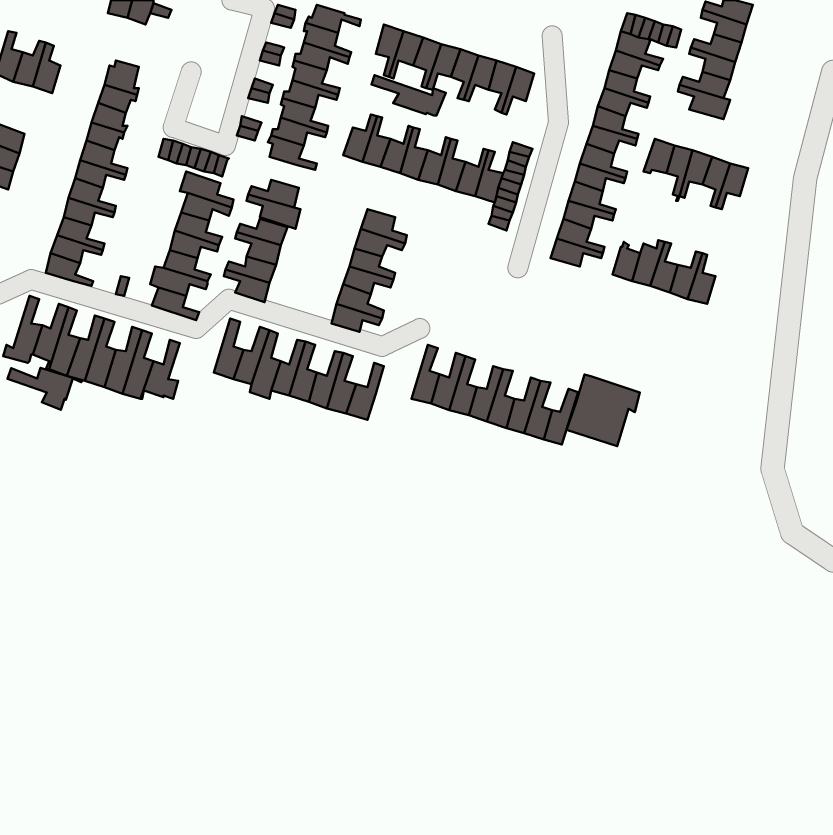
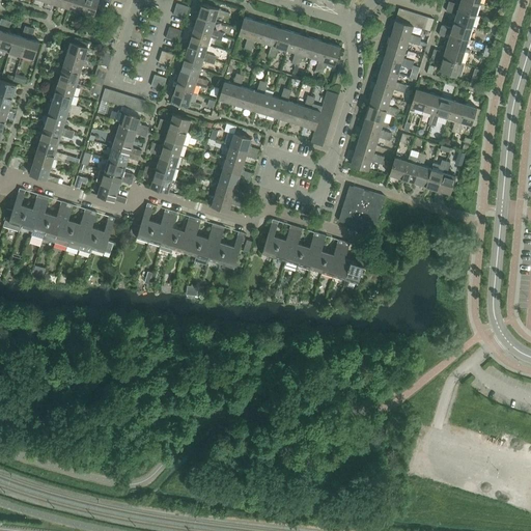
building: [371,75,446,116] -> none
building: [8,368,82,410] -> none
building: [566,374,640,446] -> [337,185,384,230]

